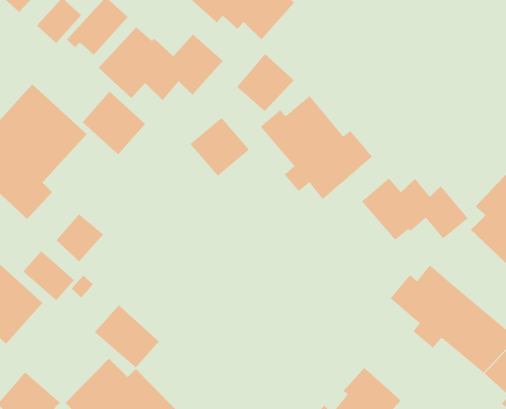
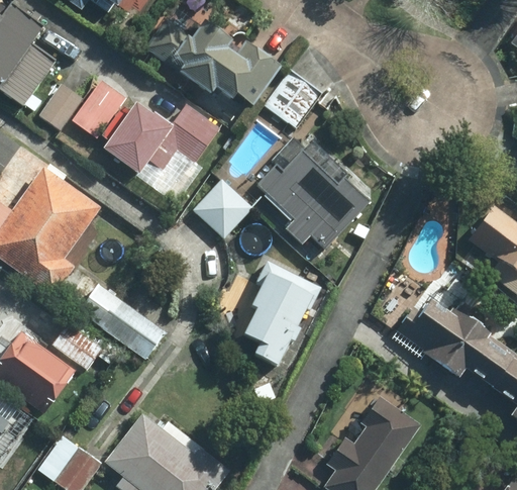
building: [236,53,294,112] -> [268,71,321,125]
building: [82,91,146,155] -> none
building: [361,178,468,240] -> none
building: none -> [241,261,320,366]
building: [94,305,159,368] -> [104,301,166,359]

